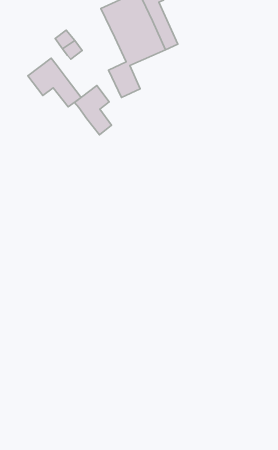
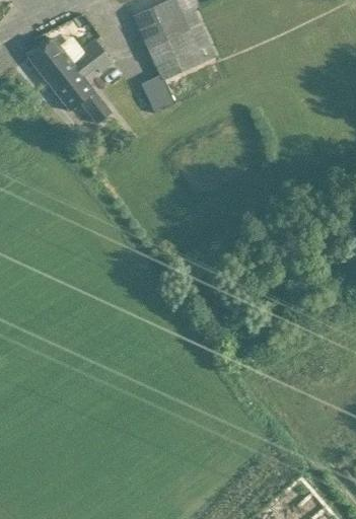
building: none -> [28,38,79,89]
building: [75,85,111,135] -> none

